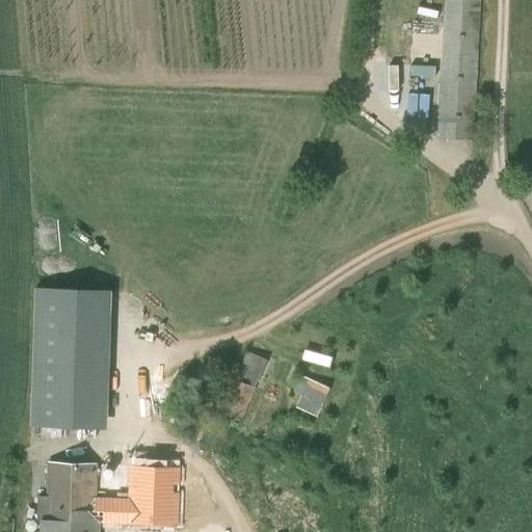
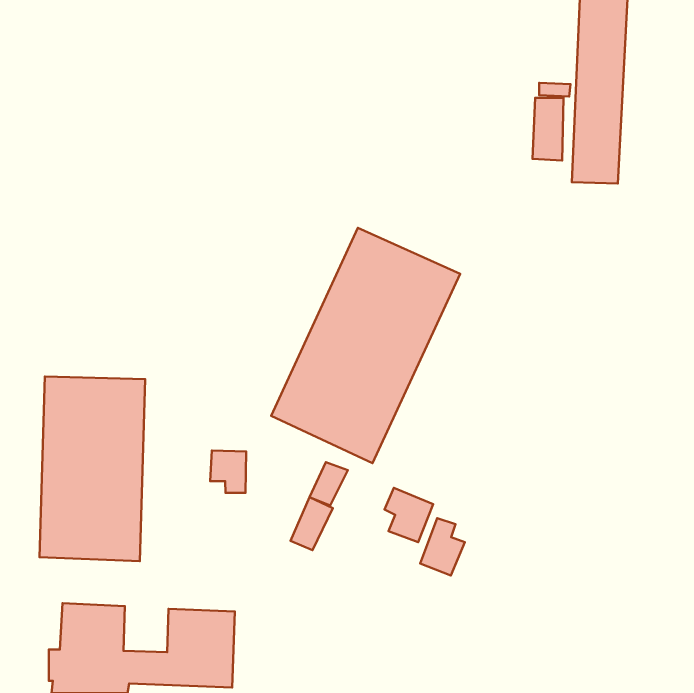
building: none -> [271,228,460,463]
building: none -> [210,451,246,493]
building: none -> [420,518,465,576]

